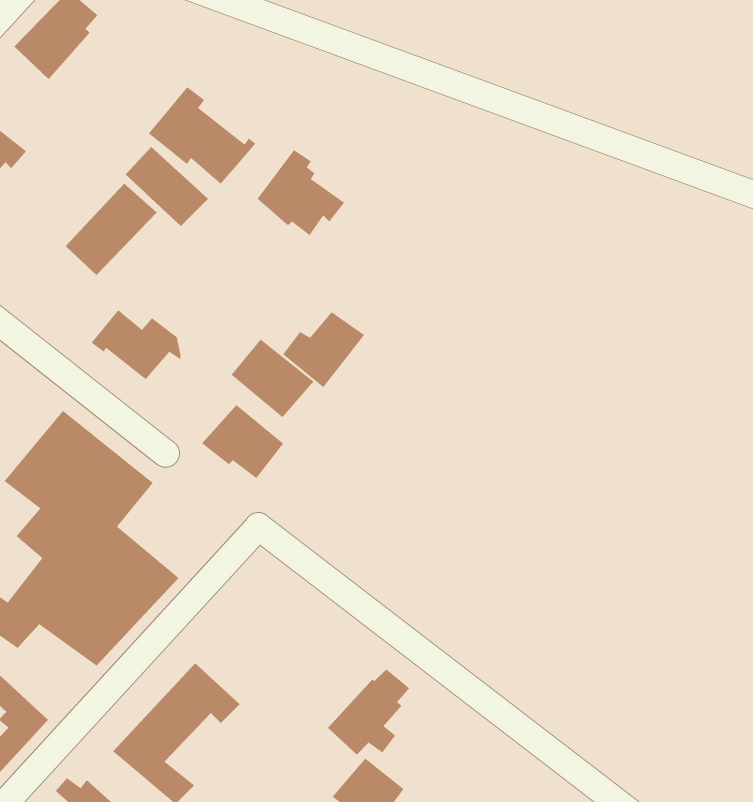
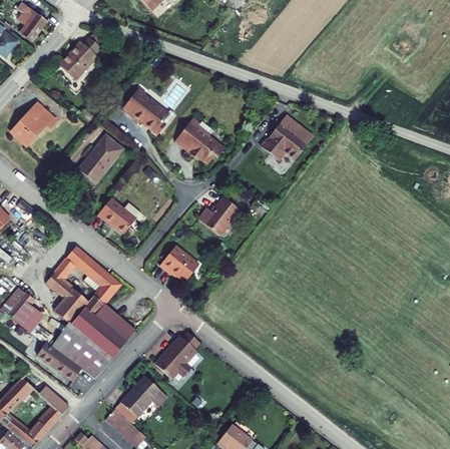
building: none -> [262,113,315,159]
building: [125,146,209,227] -> none
building: [230,339,315,418] -> none
building: [327,668,410,755] -> [154,337,196,381]

